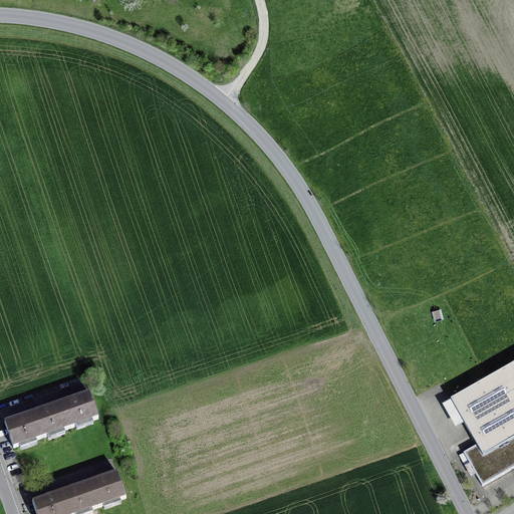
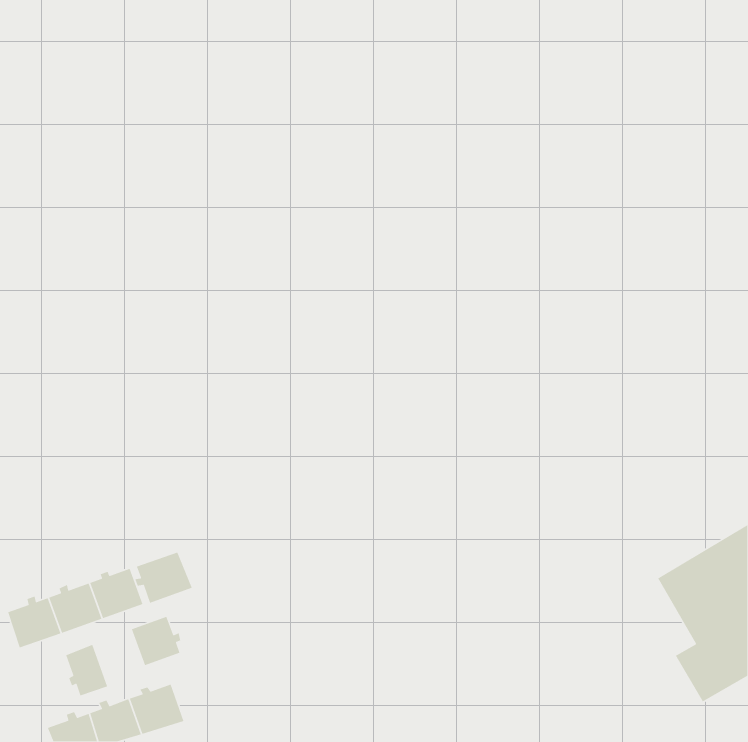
building: none -> [134,552,193,604]
building: none -> [131,616,181,666]
building: none -> [65,644,108,697]

